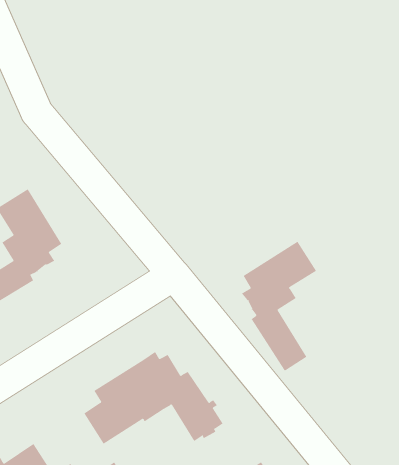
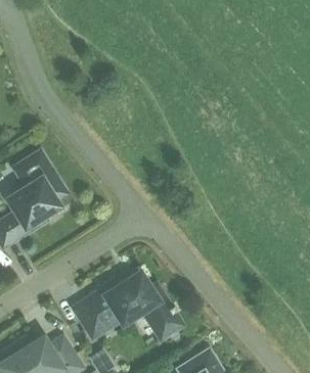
building: [241,241,317,371] -> none

